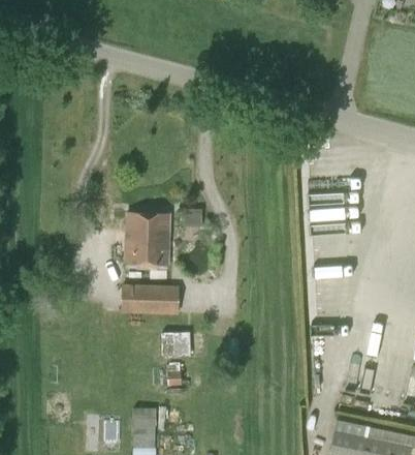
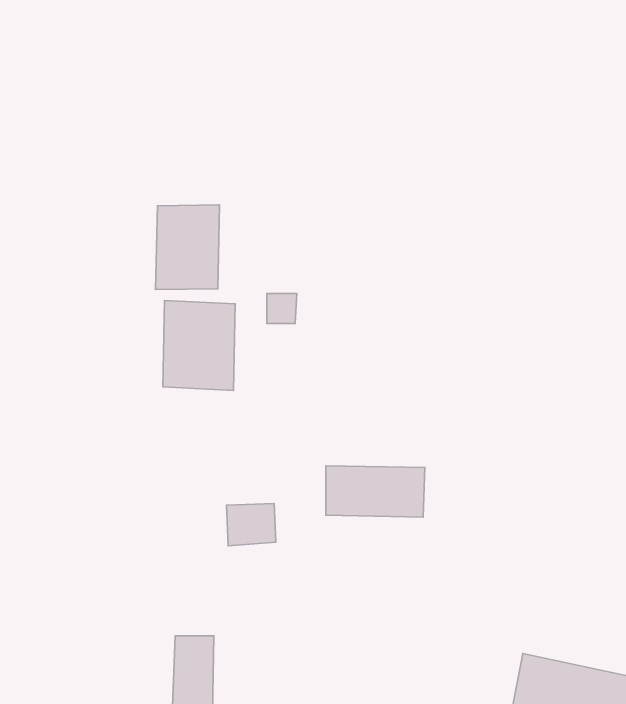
building: none -> [156,205,220,290]
building: [122,284,180,314] -> [326,466,425,517]

